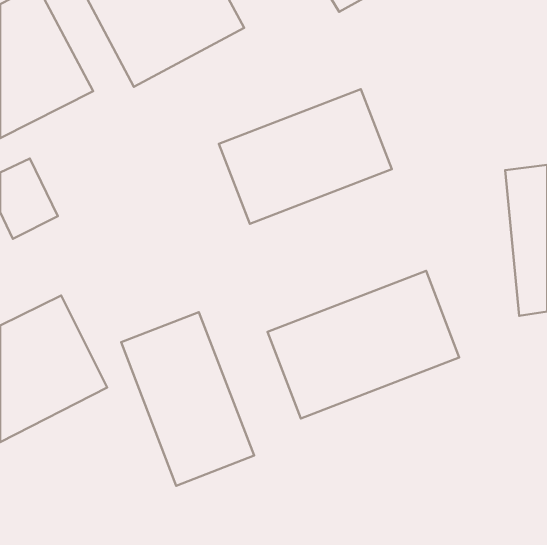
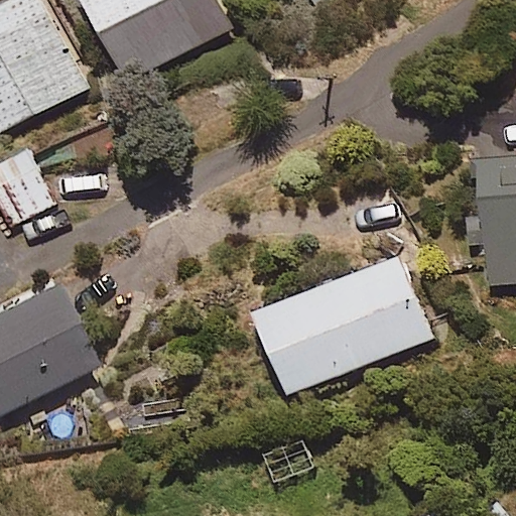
building: [219,89,392,224] -> none
building: [121,312,254,486] -> none

